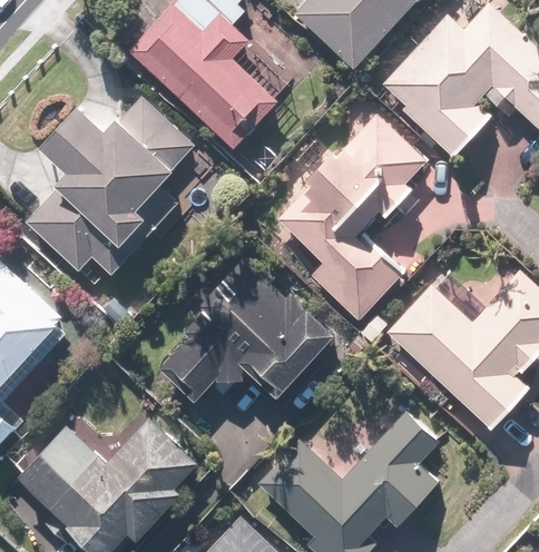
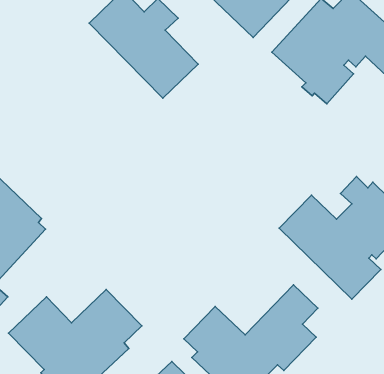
building: [24,95,197,275] -> none
building: [273,114,425,321] -> none
building: [154,256,332,400] -> none

